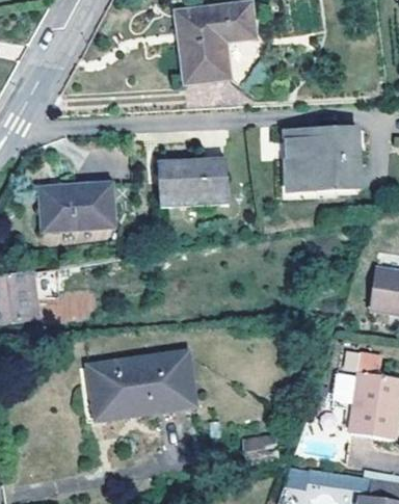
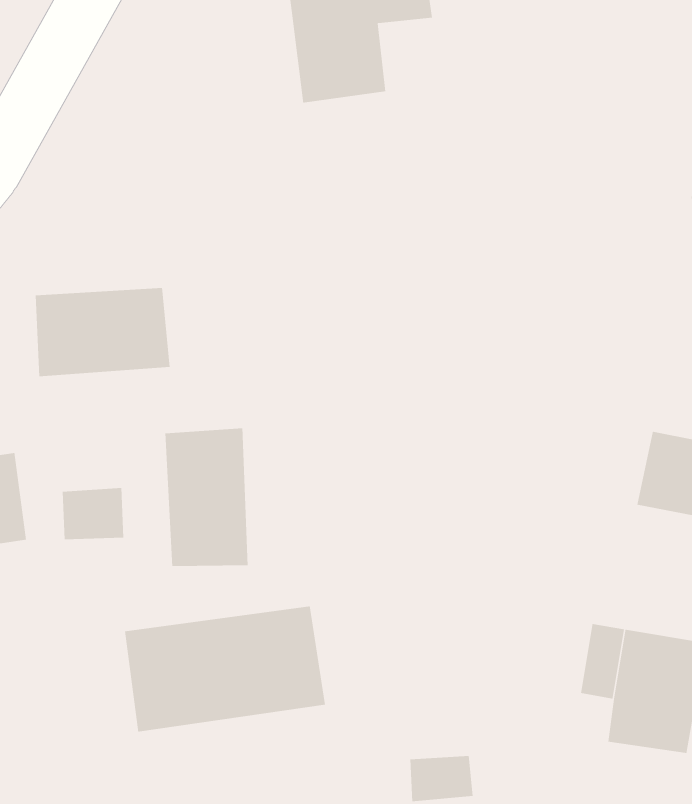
building: [286,130,360,190] -> none
building: [158,158,229,209] -> none
building: none -> [165,428,248,567]

